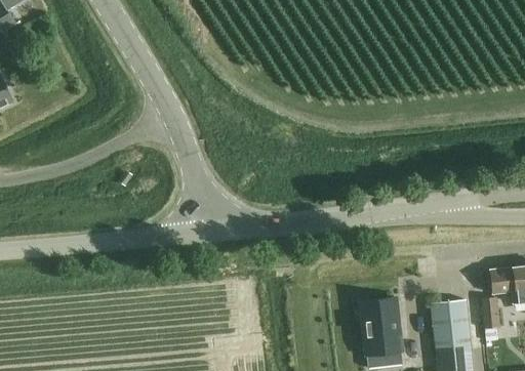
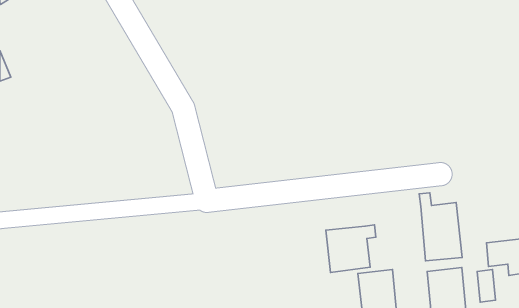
building: none -> [419,193,462,261]
building: none -> [326,225,376,272]

